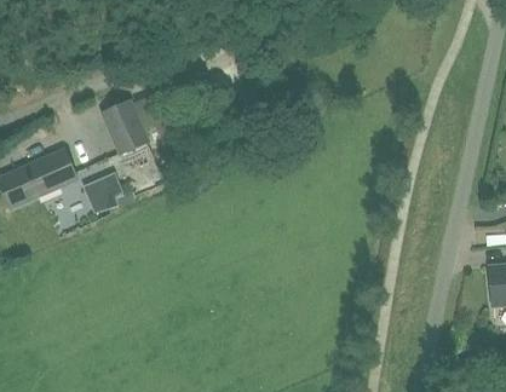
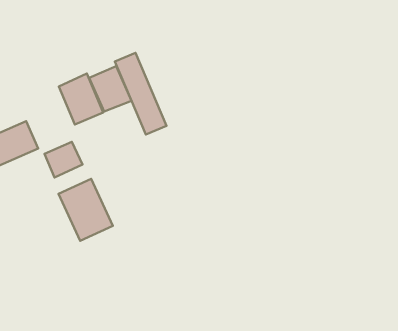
building: none -> [115,53,167,134]
building: none -> [58,179,113,241]

